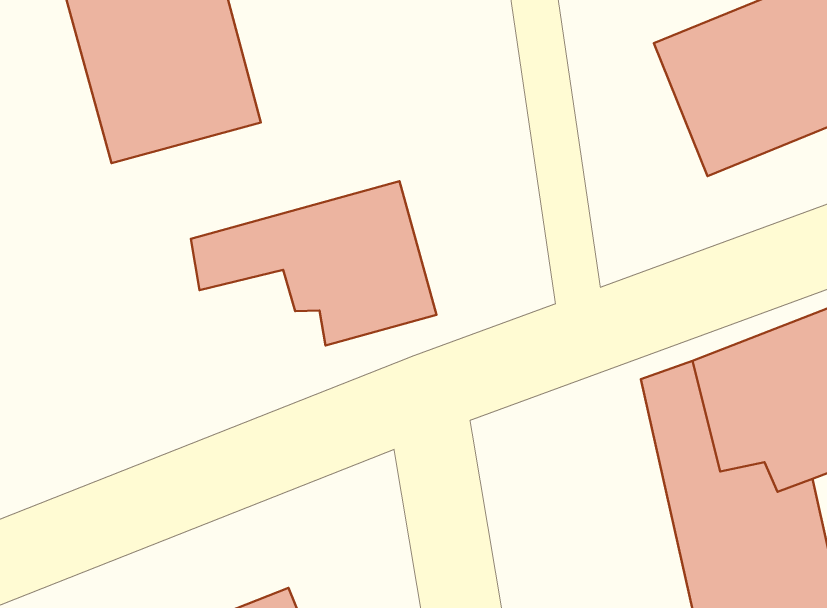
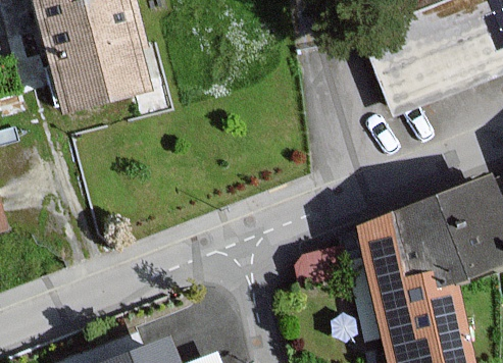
building: [191,181,437,346] -> none

